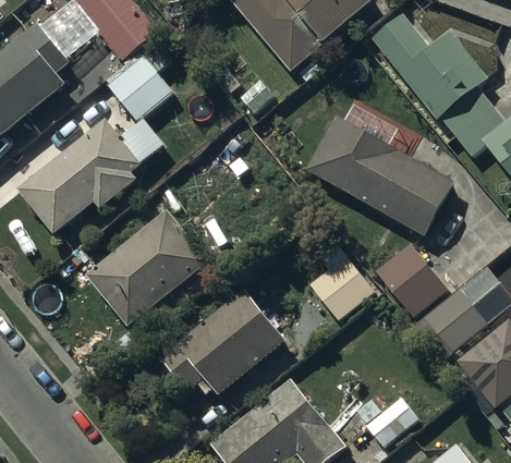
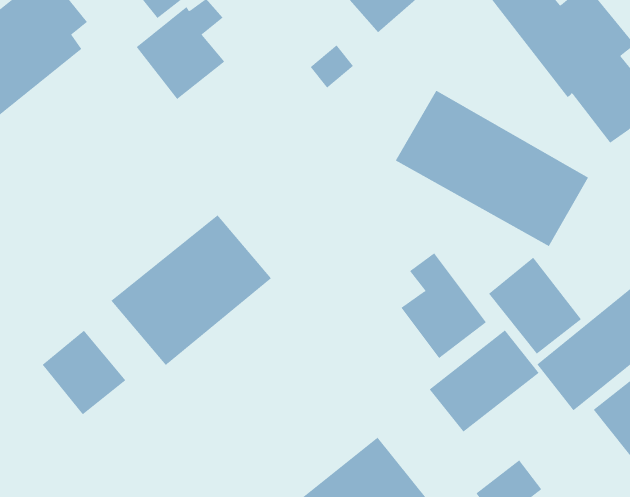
building: [17,118,163,234] -> none
building: [159,287,285,401] -> none
building: none -> [429,330,539,433]
building: none -> [42,330,126,415]

